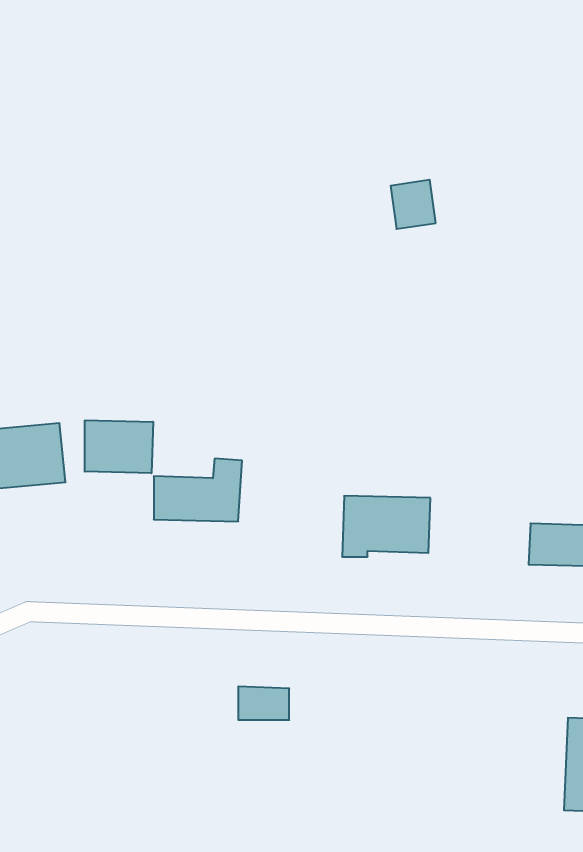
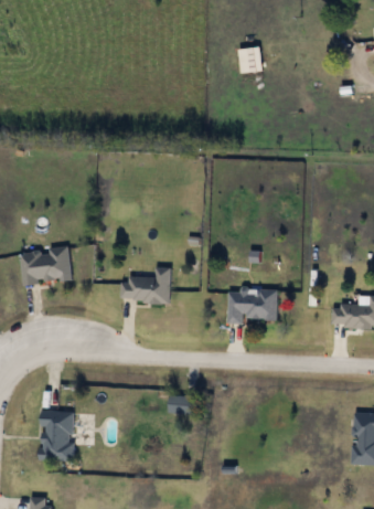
building: [391,180,436,229] -> [238,46,264,74]
building: [85,420,153,473] -> none
building: none -> [42,410,75,460]

